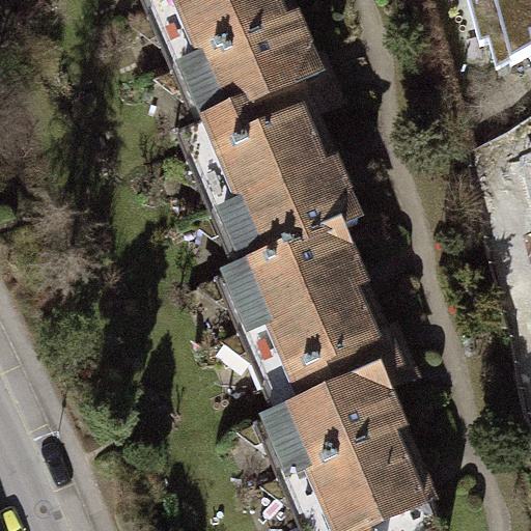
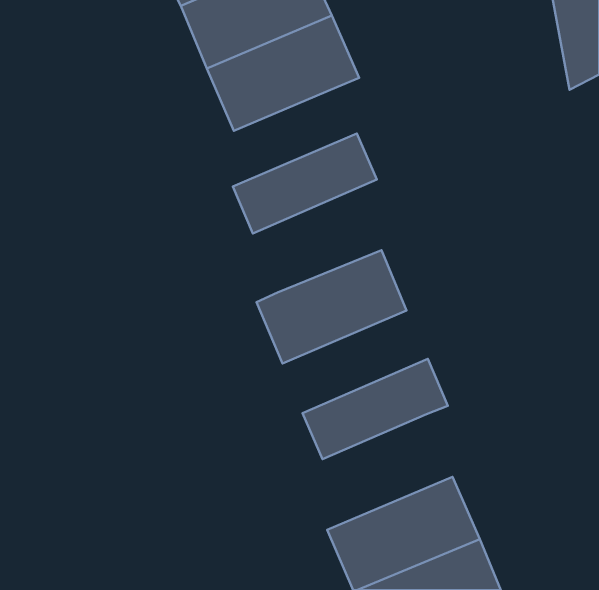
building: [197,77,313,164] -> none
building: [222,158,354,257] -> none
building: [248,273,375,363] -> none
building: [264,364,397,466] -> none

